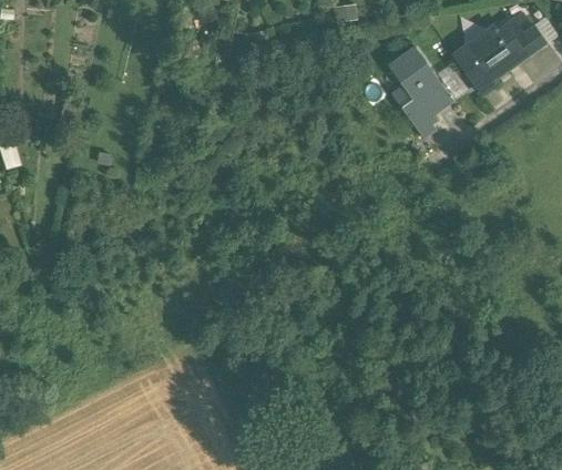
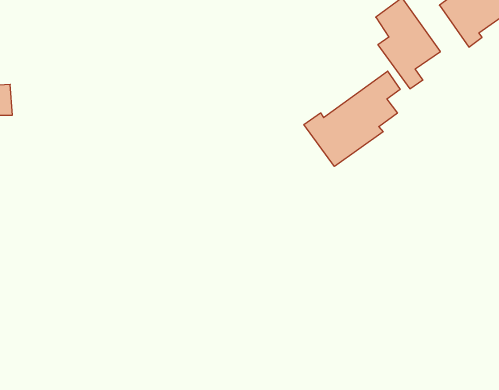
building: none -> [304,71,400,166]

